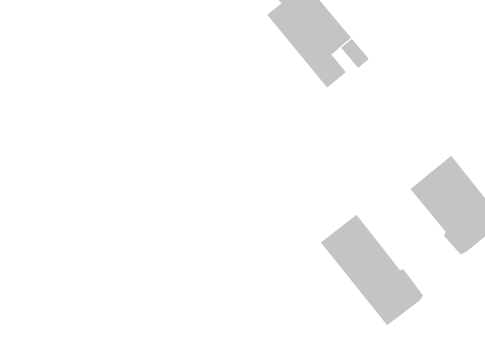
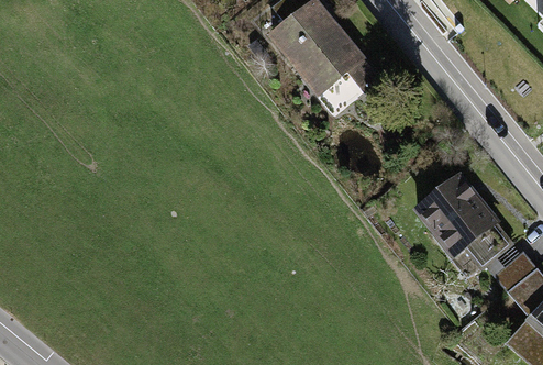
building: [320,214,424,326] -> none

